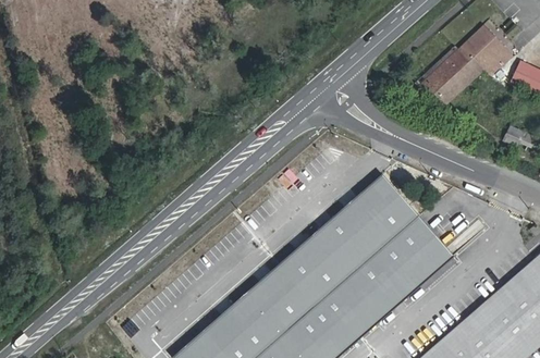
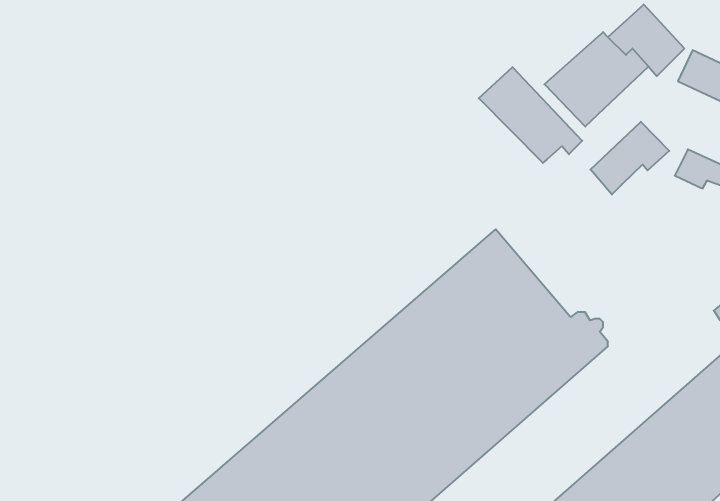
building: none -> [479,67,582,163]
building: none -> [590,122,669,195]

